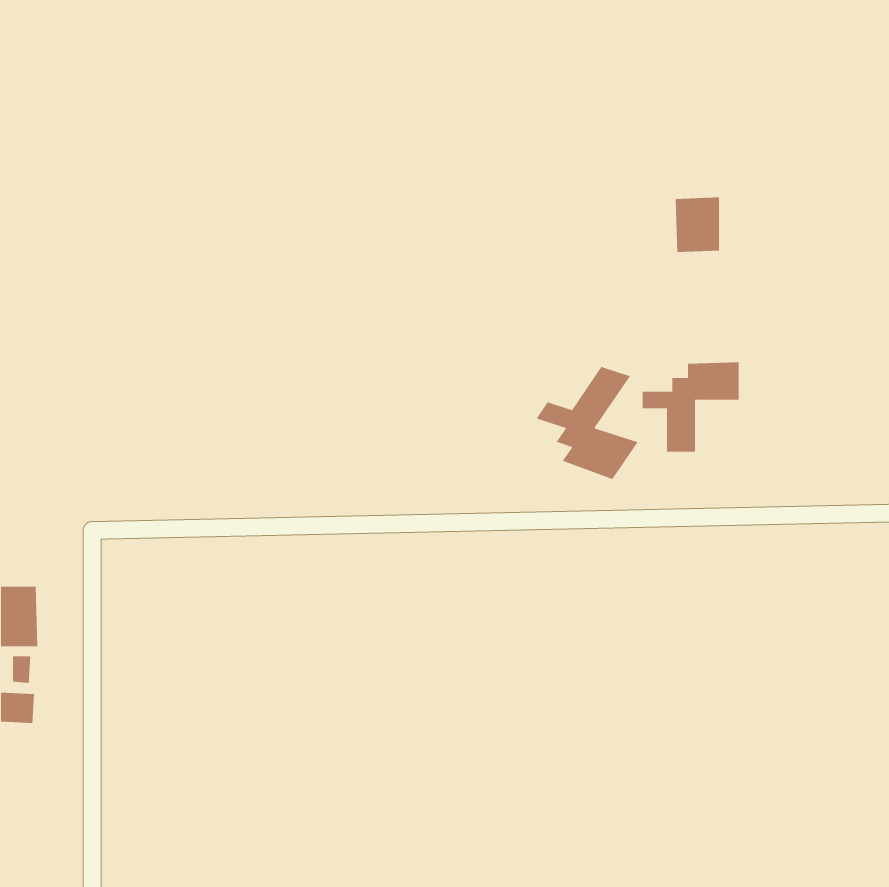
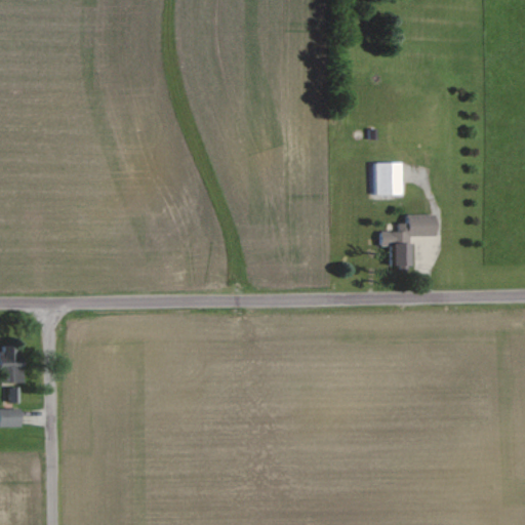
building: [675,197,720,253] -> [374,163,401,196]
building: [536,366,639,480] -> none

